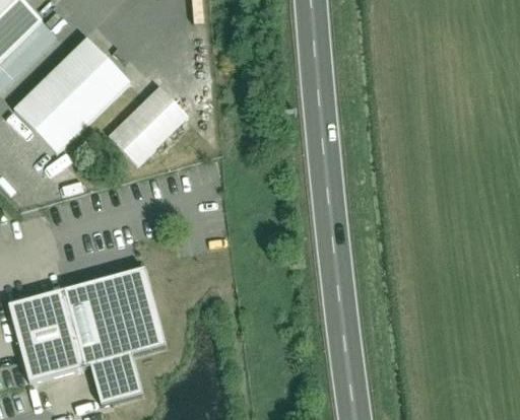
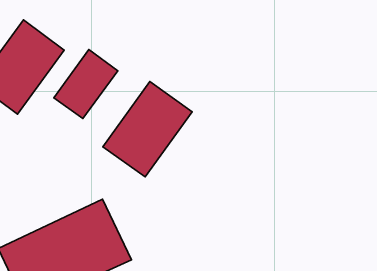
building: none -> [103,82,192,177]

